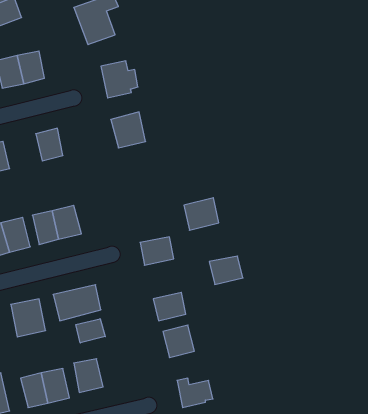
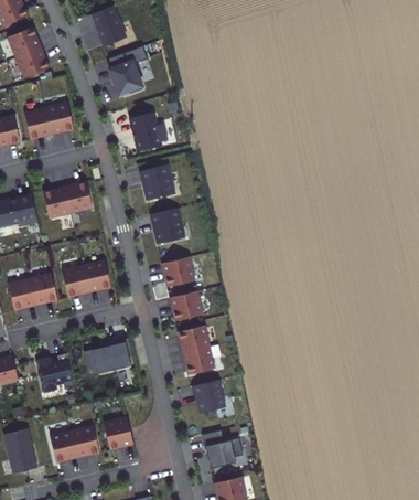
building: none -> [42,187,71,220]
building: none -> [149,209,184,244]
building: [184,198,219,230] -> [160,256,195,289]
building: [209,256,243,284] -> [178,326,212,354]
building: [76,319,105,343] -> none

